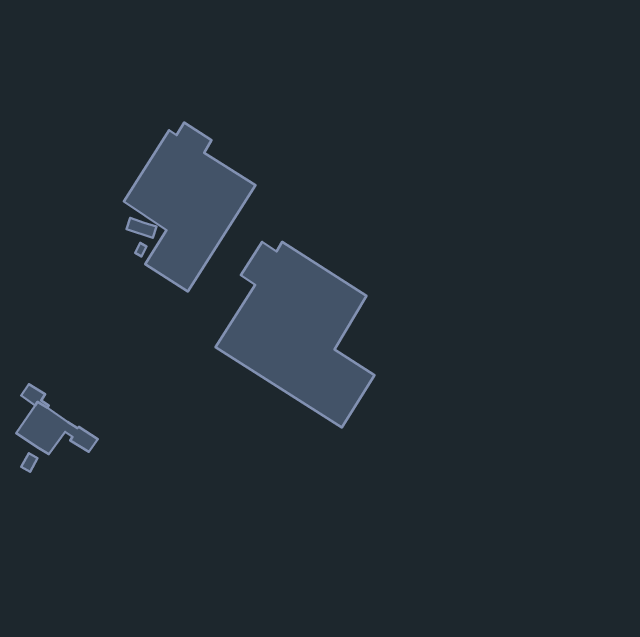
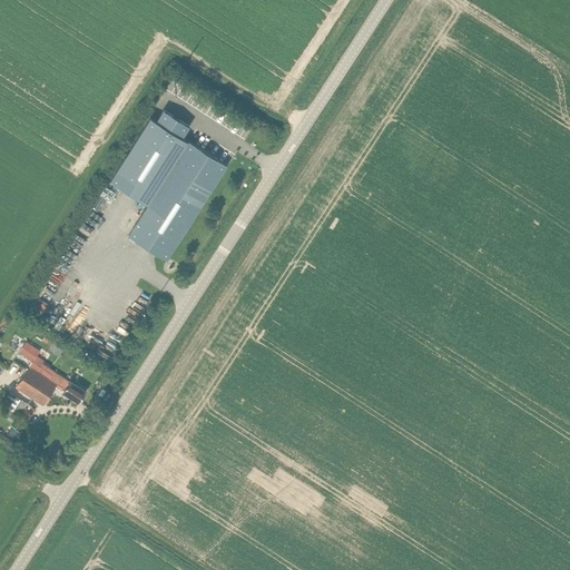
building: [215,242,374,427] -> none

